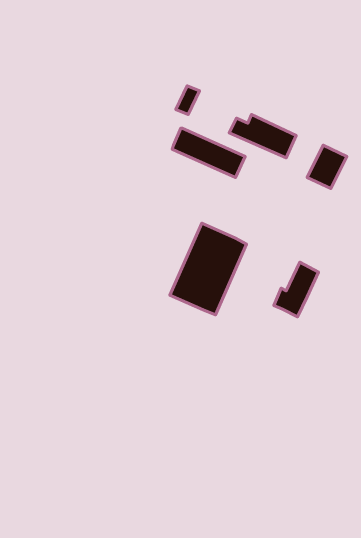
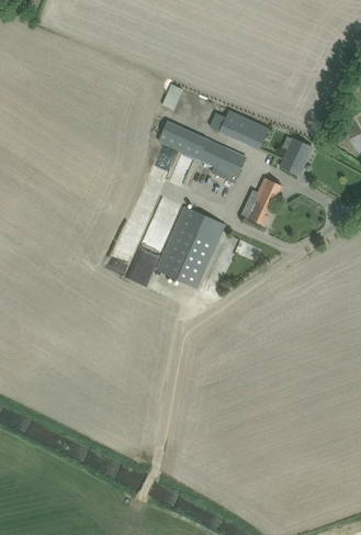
building: none -> [211,146,245,181]
building: [274,262,318,317] -> [241,176,281,224]

